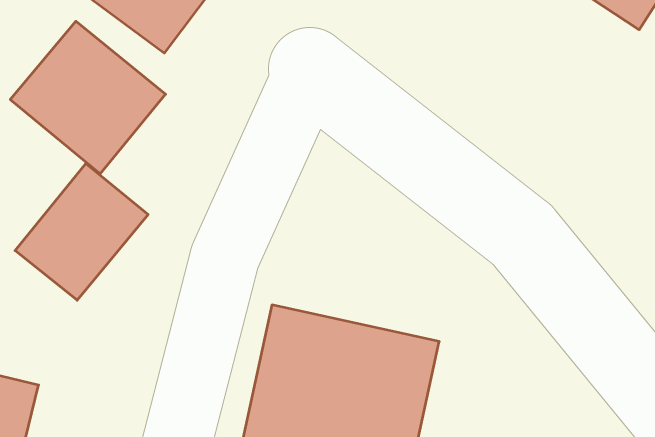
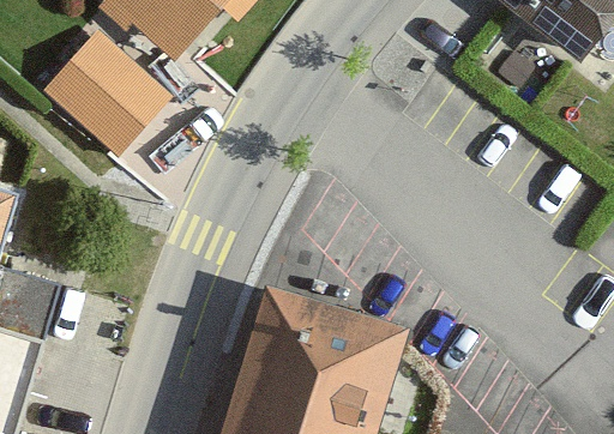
building: [15,164,148,300] -> none

